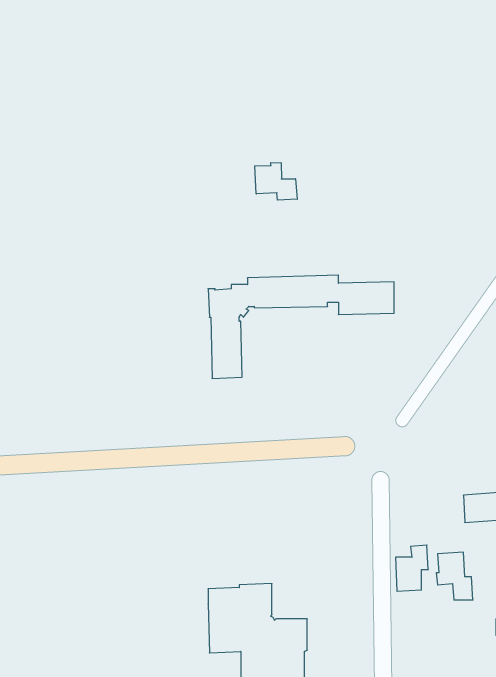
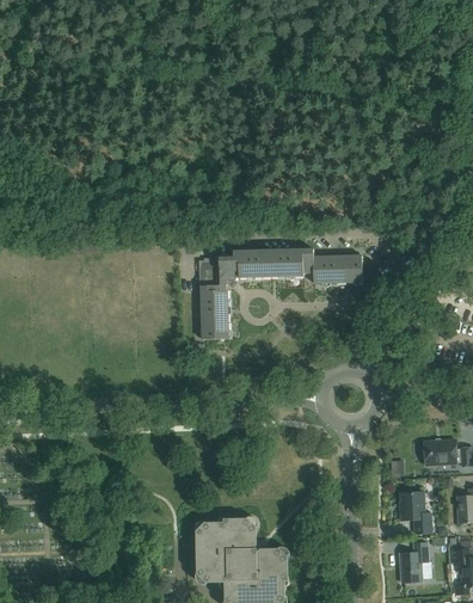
building: [255,163,297,200] -> none
building: [396,545,428,591] -> [399,541,428,582]

